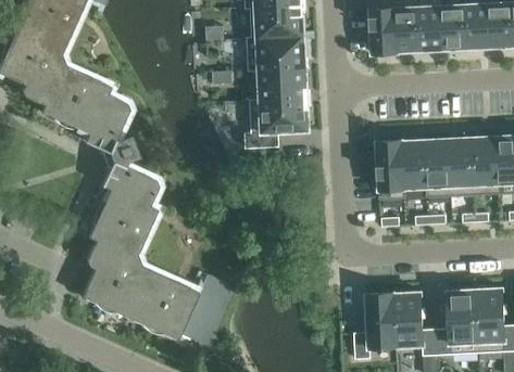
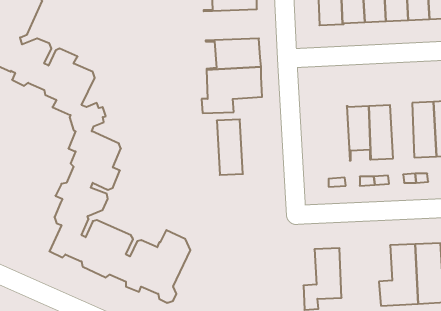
building: [247,36,306,69] -> none
building: [448,137,474,196] -> none
building: [376,140,404,200] -> [217,119,243,175]
building: [393,291,438,355] -> none

